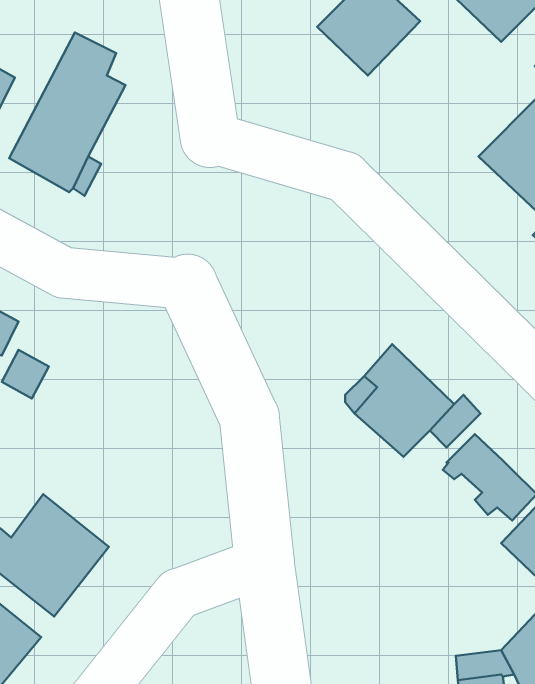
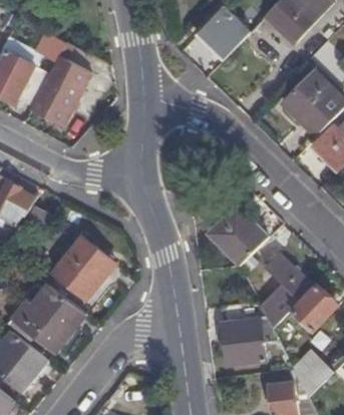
building: none -> [53,238,113,299]
building: none -> [222,302,277,365]

